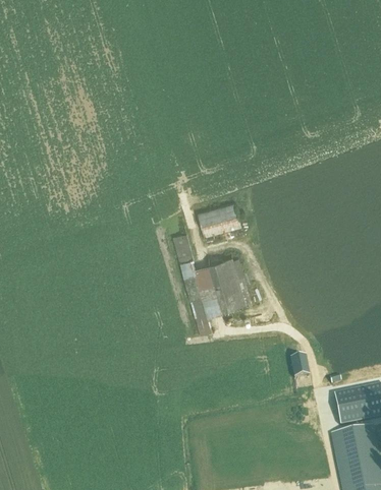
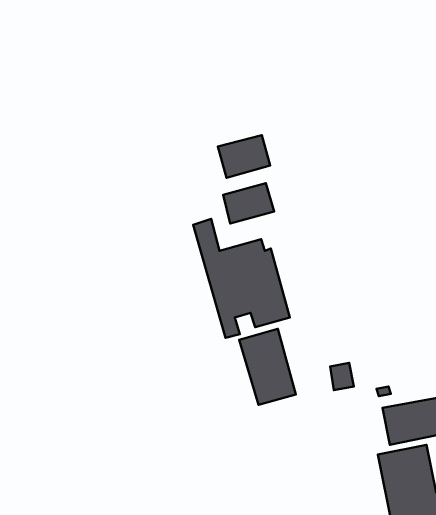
building: none -> [218,135,270,178]
building: none -> [239,329,296,405]

